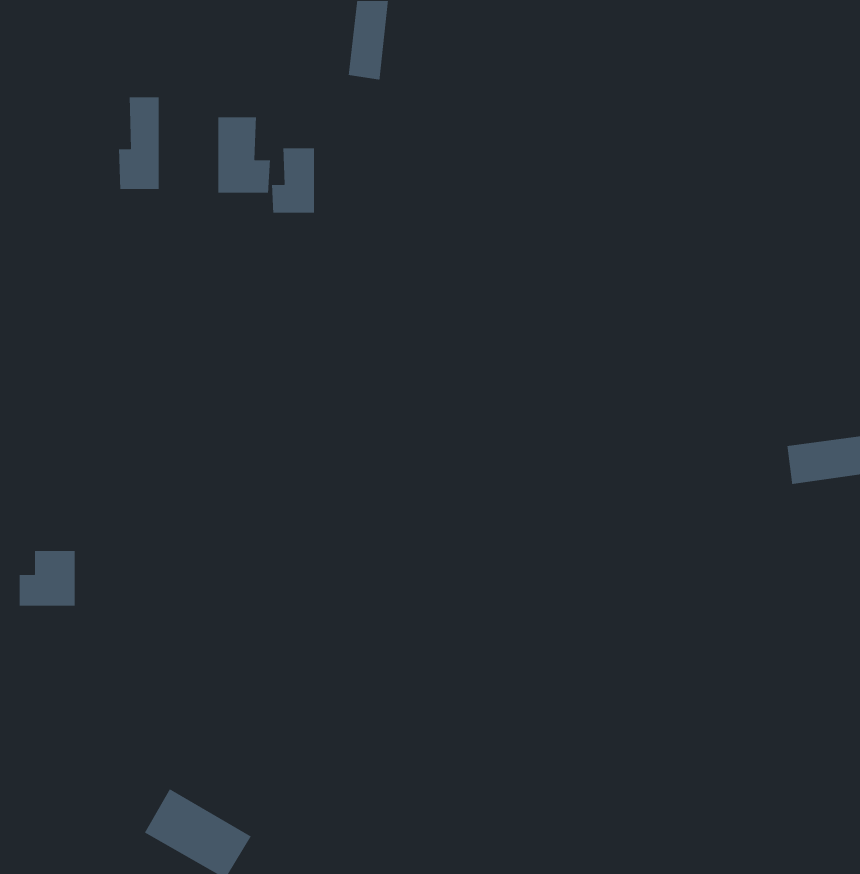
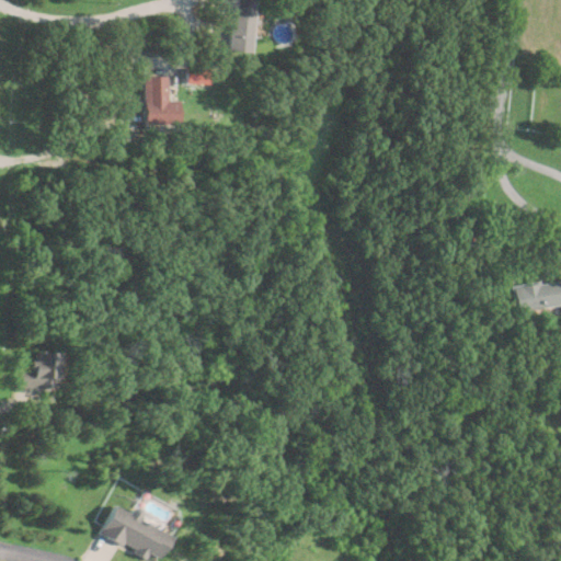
building: [118,97,159,190] -> none
building: [271,147,315,214] -> none

